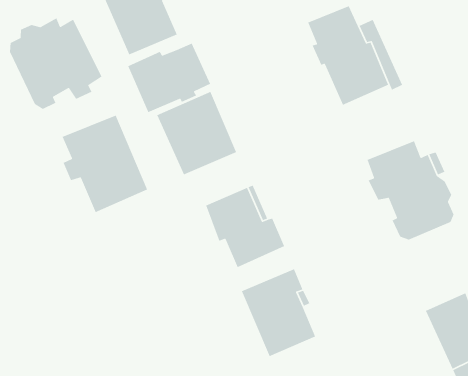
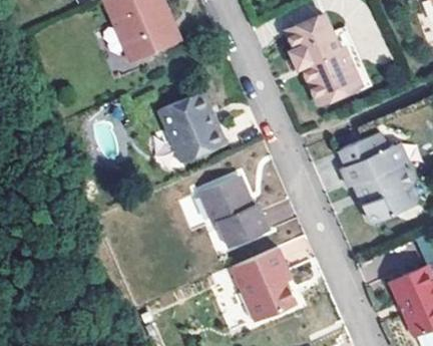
building: [9,17,102,110] -> none
building: [127,43,211,113] -> none
building: [61,115,148,213] -> none

